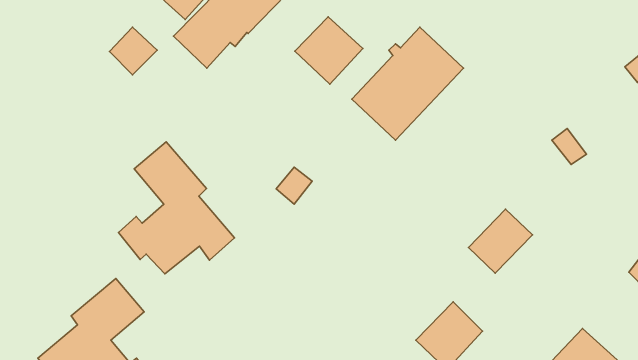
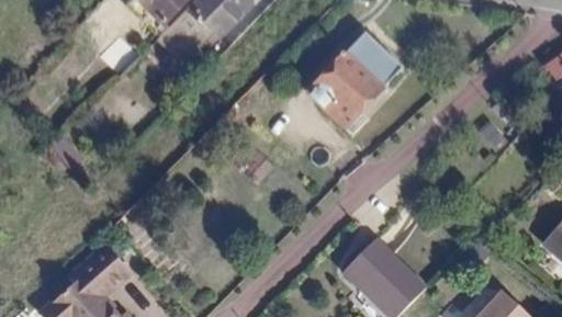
building: [295,17,363,84] -> none
building: [119,142,235,274] -> none
building: [468,209,532,273] -> [341,242,396,297]

